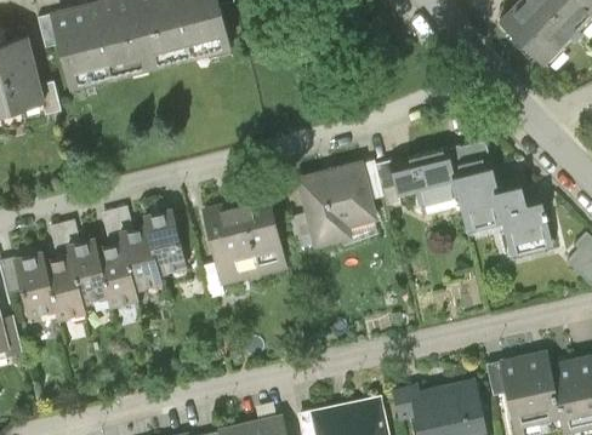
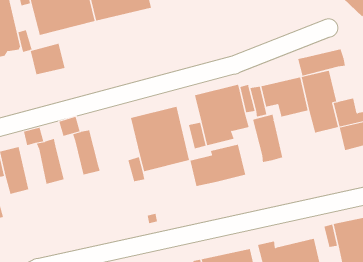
building: none -> [30,43,65,75]
building: none -> [298,48,345,76]
building: none -> [253,114,283,163]
building: [146,208,187,276] -> none
building: [98,241,140,308] -> none
building: none -> [190,144,246,187]
building: [47,253,87,322] -> none

